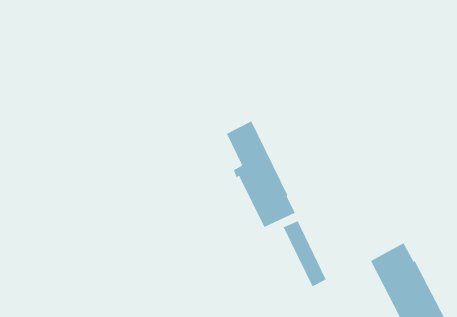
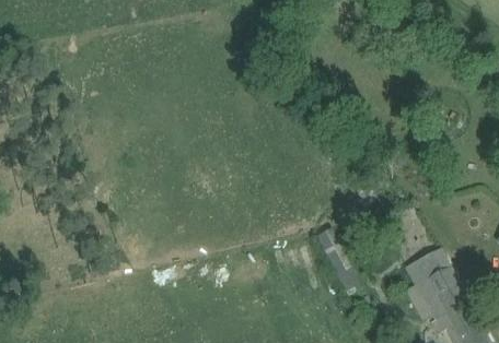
building: [226,120,295,228] -> none

